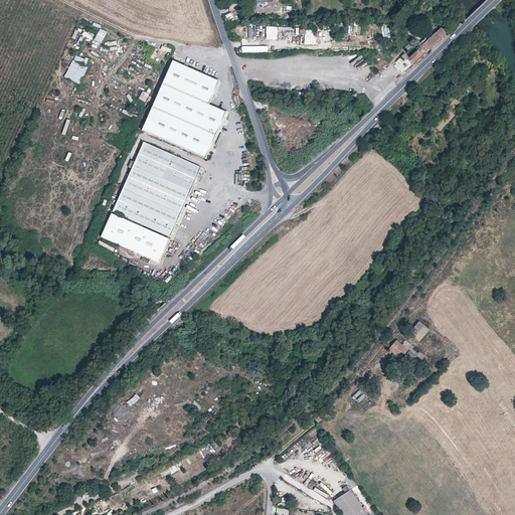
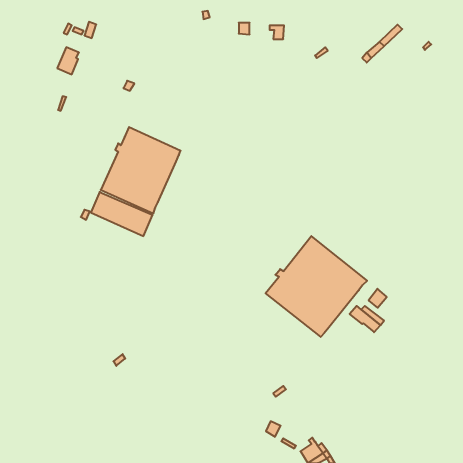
building: [142,59,225,158] -> none
building: none -> [266,236,367,337]

